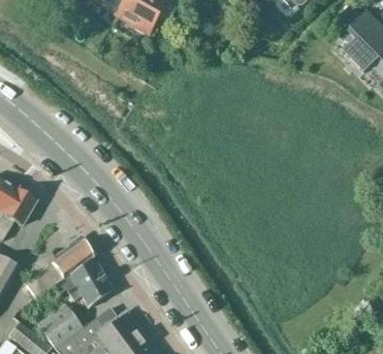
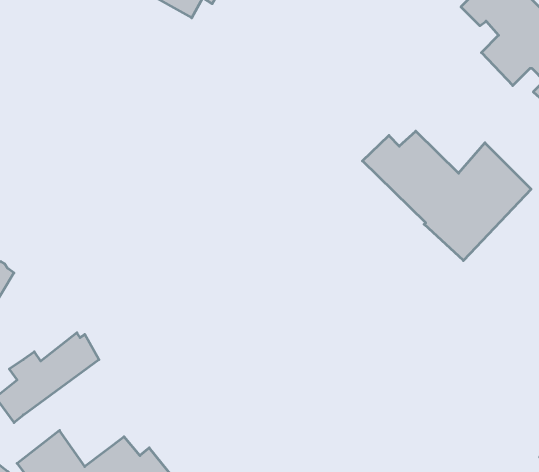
building: none -> [362,131,531,261]
building: [55,258,111,308] -> none

